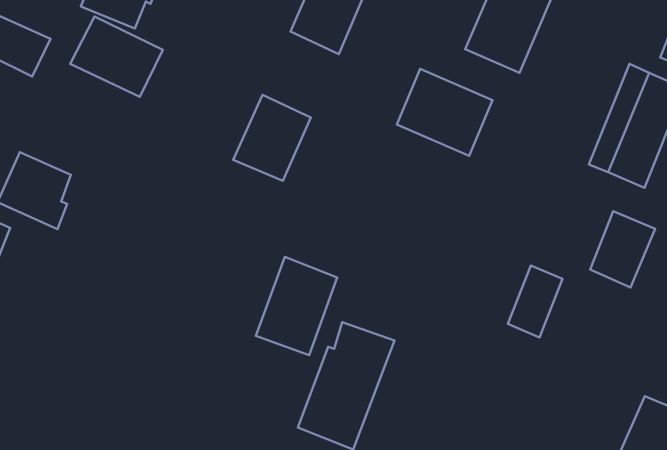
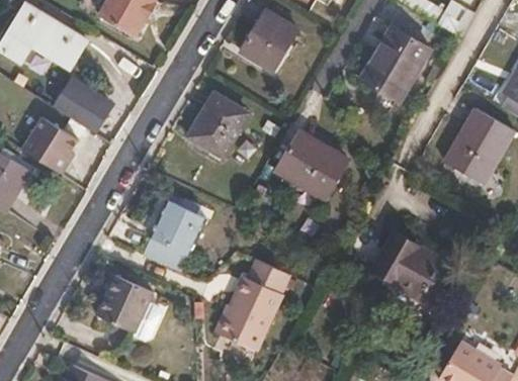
building: [70,17,163,97] -> [55,77,121,137]
building: [397,69,492,156] -> [278,135,348,201]
building: [590,211,655,288] -> [394,250,443,305]
building: [256,257,337,355] -> [140,195,202,267]
building: none -> [92,271,150,327]

